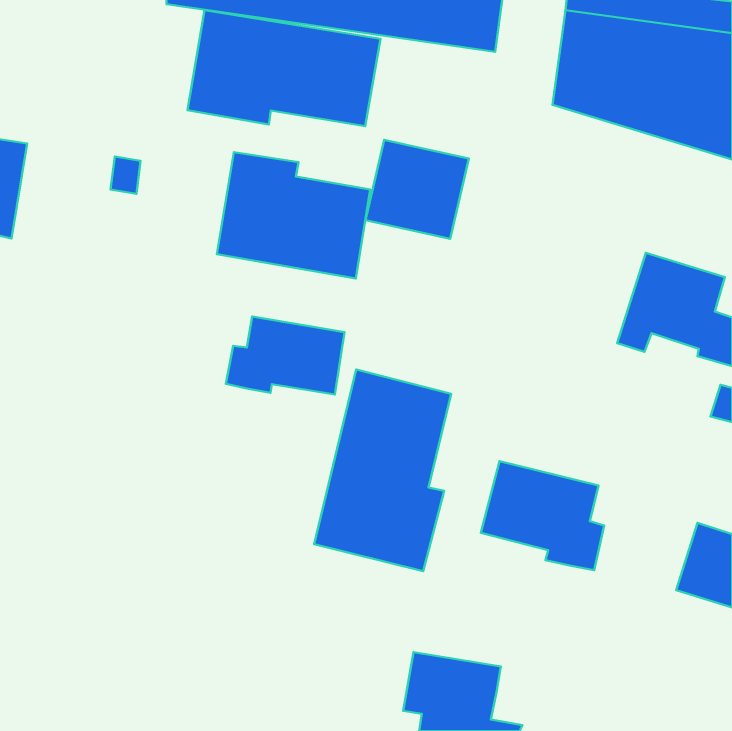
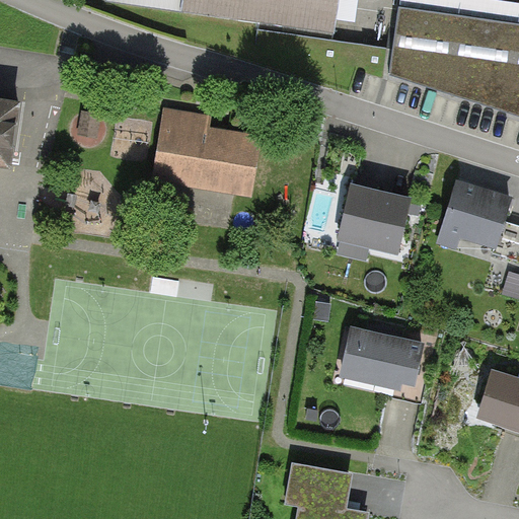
building: [188,10,381,126] -> none
building: [365,140,469,239] -> [339,183,412,253]
building: [226,317,344,394] -> none
building: [314,370,451,571] -> none

